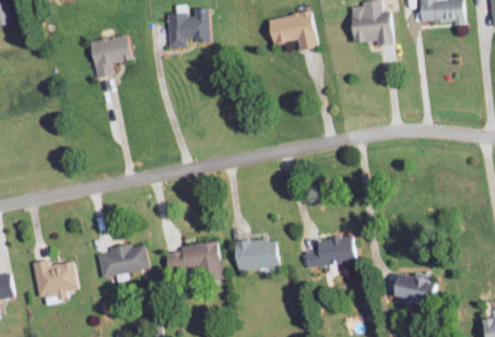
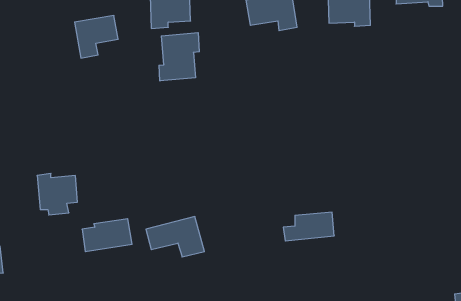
building: none -> [159,33,199,81]
building: [233,238,280,270] -> none
building: [34,260,75,302] -> [37,173,77,215]
building: [389,273,432,302] -> none

